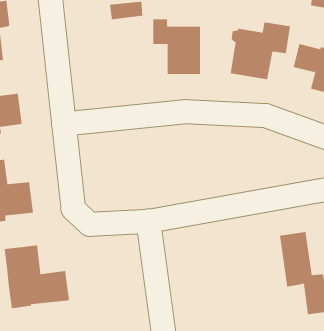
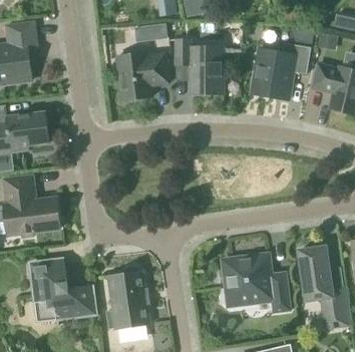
building: none -> [116,53,168,100]
building: none -> [224,255,290,312]
building: none -> [106,266,149,329]

